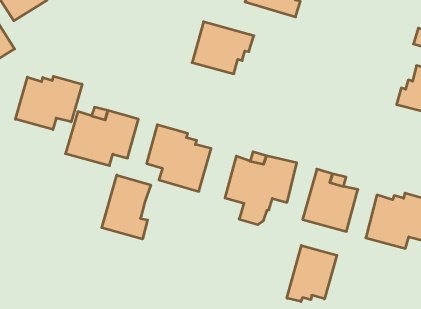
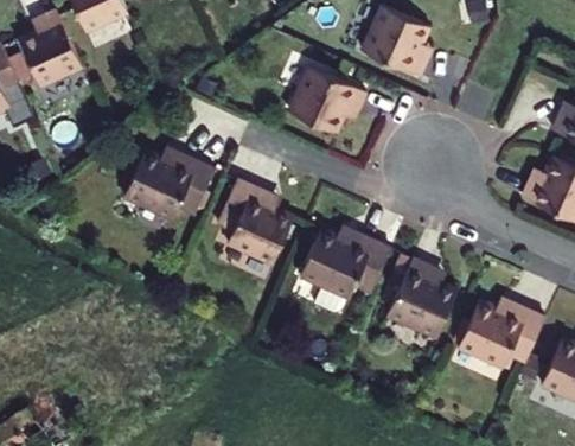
building: [15,76,82,130] -> none
building: [102,175,151,239] -> none
building: [287,245,337,302] -> none

